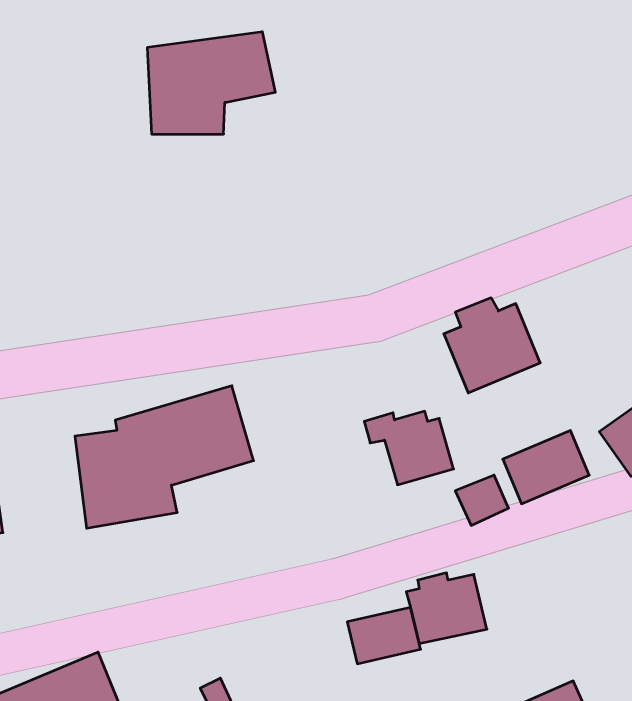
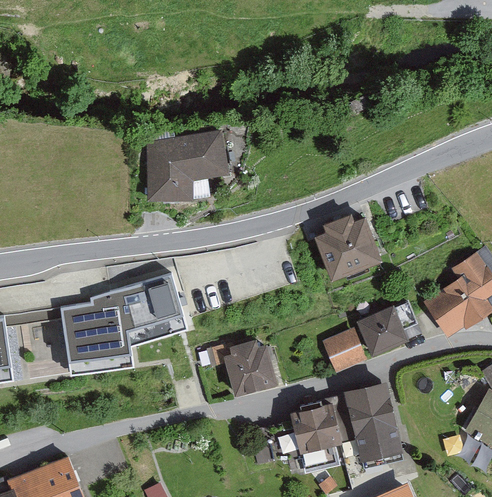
building: [147,32,275,134] -> [153,138,242,209]
building: [364,411,454,485] -> [209,344,271,395]
building: none -> [336,387,397,458]

